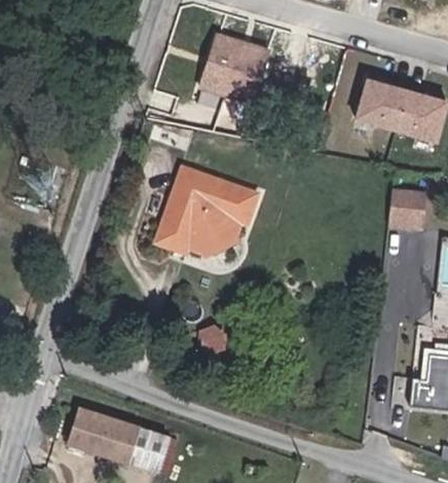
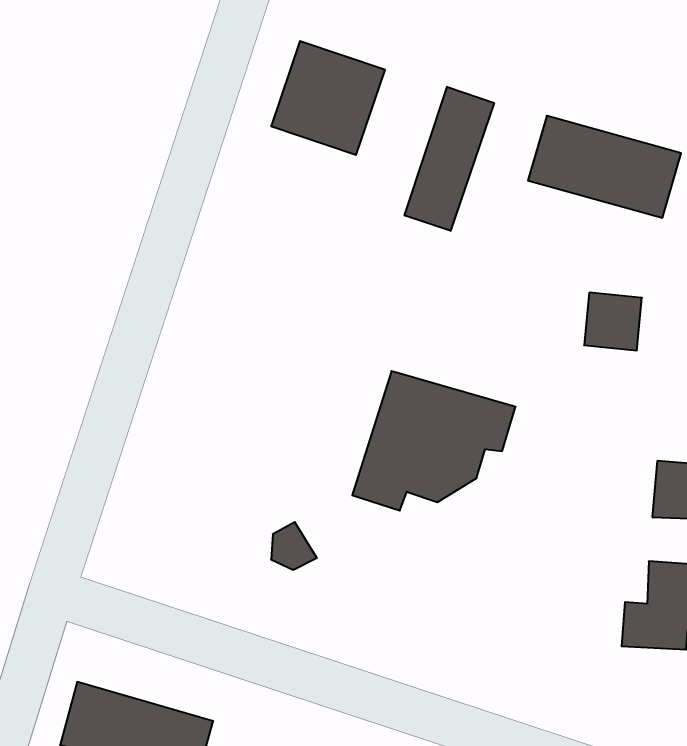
building: none -> [405,87,494,231]
building: [144,172,242,256] -> [352,371,516,511]

